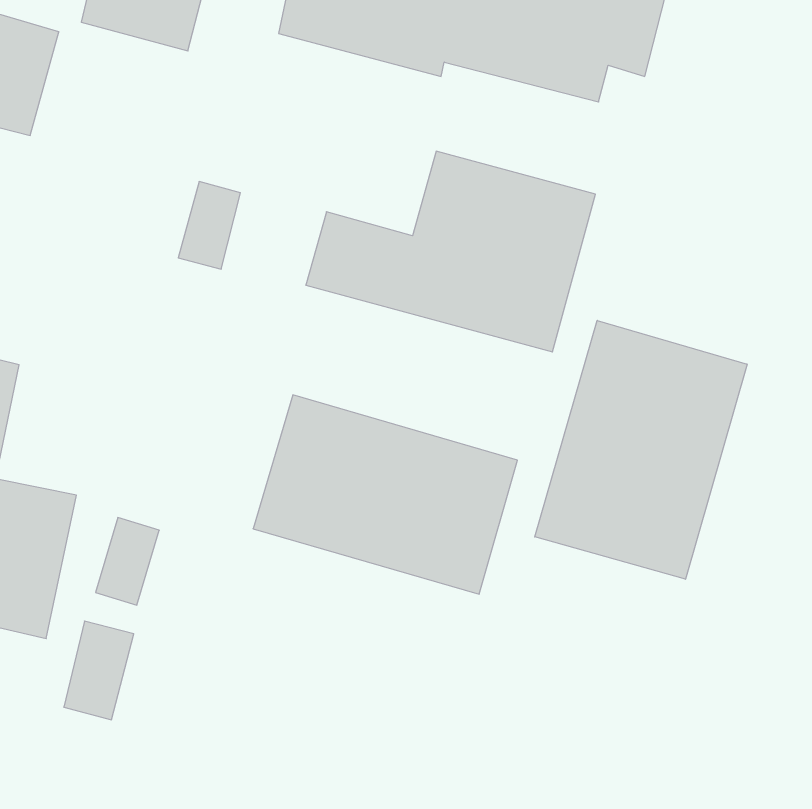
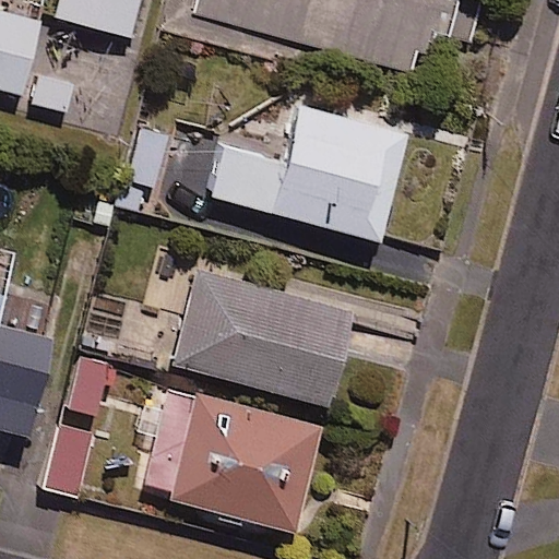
building: [535,320,747,579] -> none
building: none -> [142,389,321,532]

